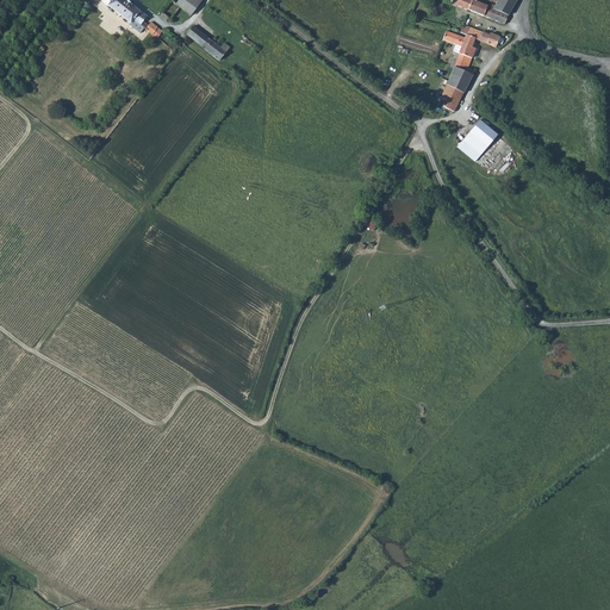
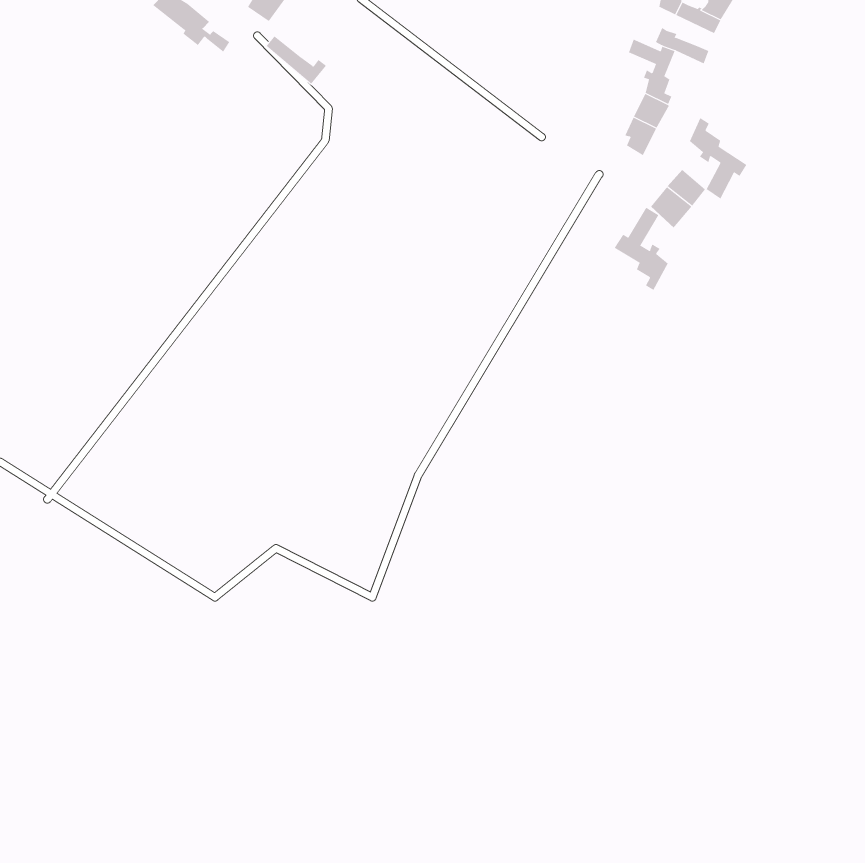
building: none -> [689,117,747,199]
building: none -> [614,207,668,291]

